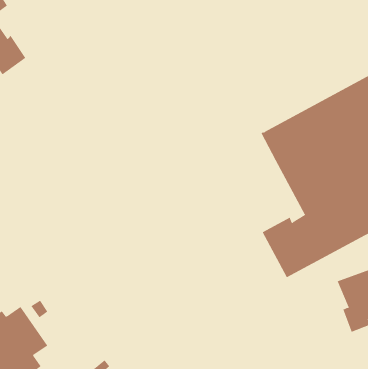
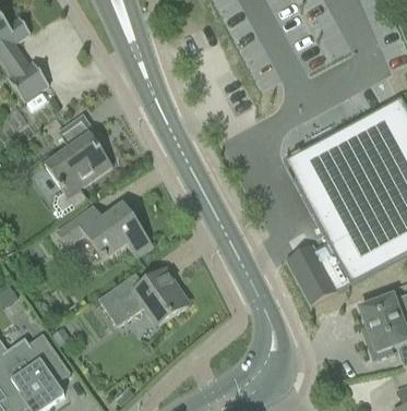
building: none -> [44,112,112,216]
building: none -> [56,203,153,259]
building: none -> [97,269,187,324]

